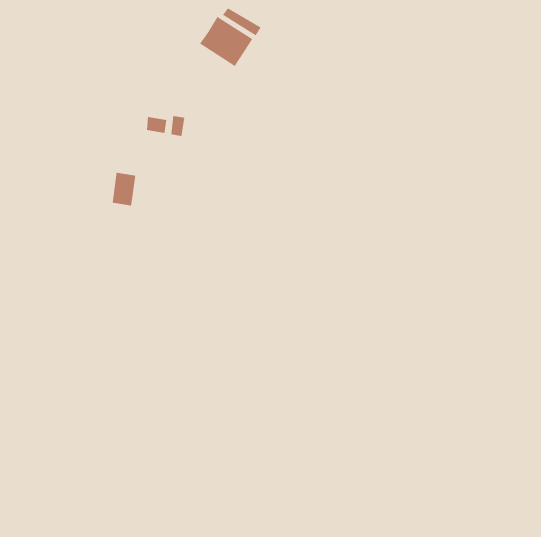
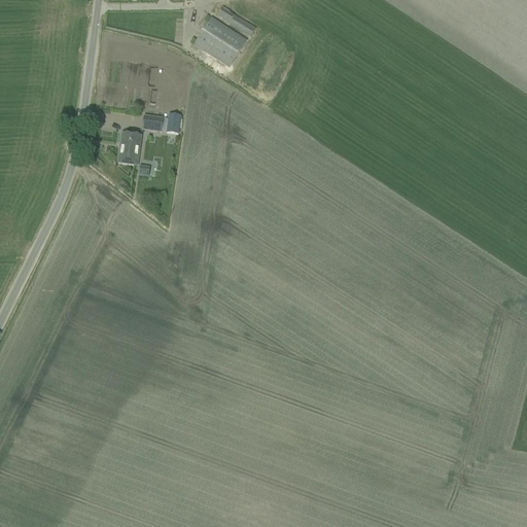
building: [112,172,136,206] -> [117,131,141,164]

